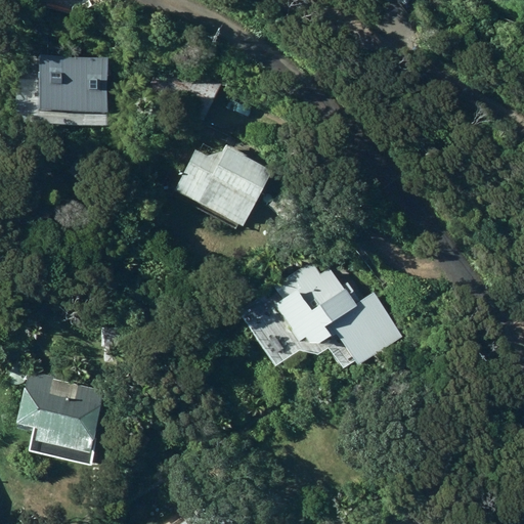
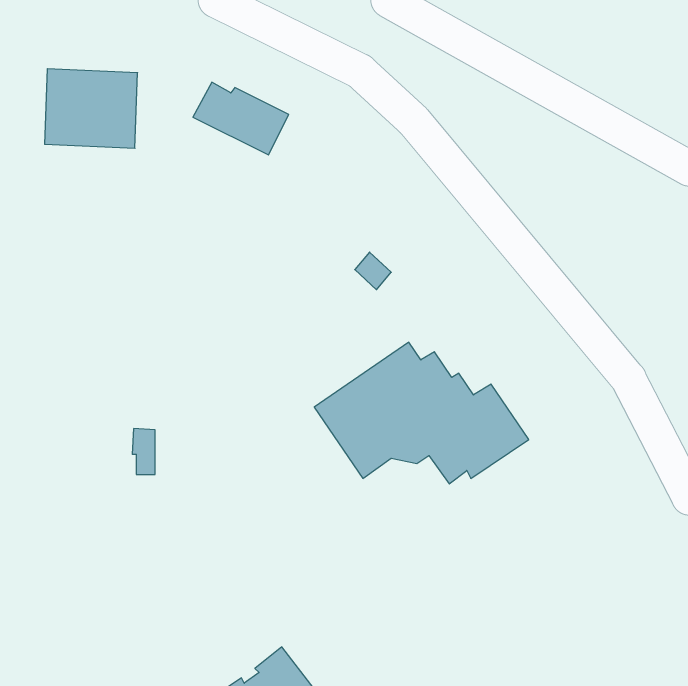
building: [174,145,274,228] -> none
building: [17,372,103,452] -> none

